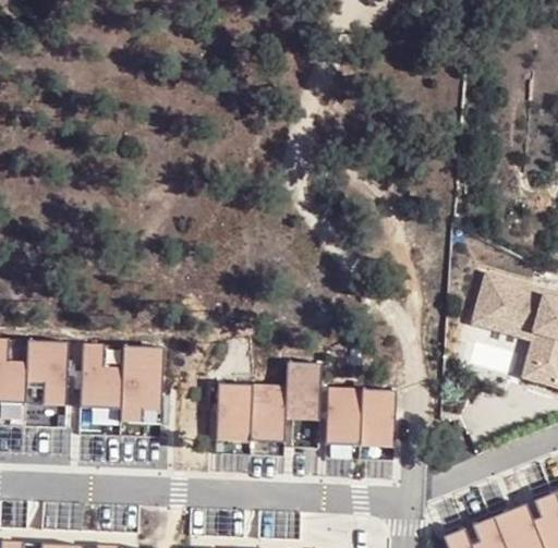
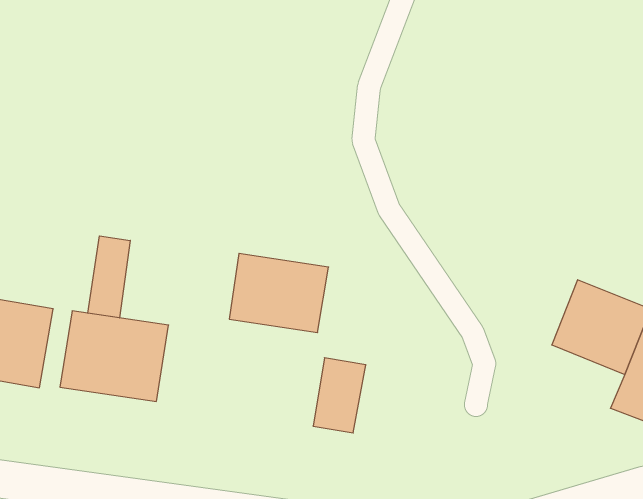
building: none -> [88,236,130,318]
building: [211,385,287,441] -> [229,253,329,333]
building: [326,388,396,447] -> none

